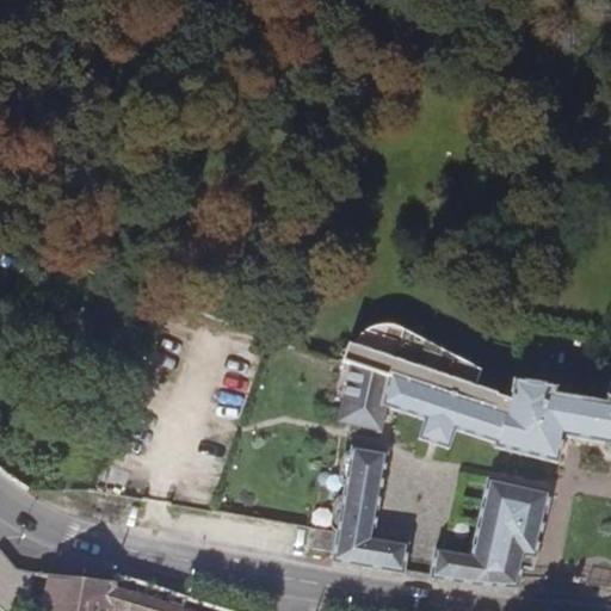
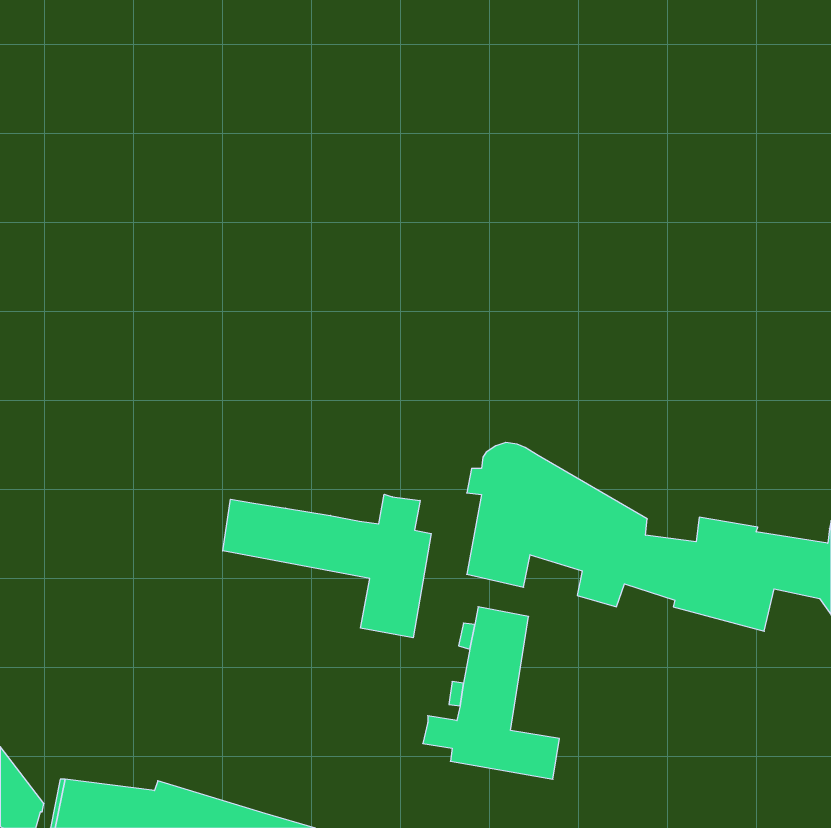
building: none -> [223,494,431,638]
building: [428,476,551,588] -> none

